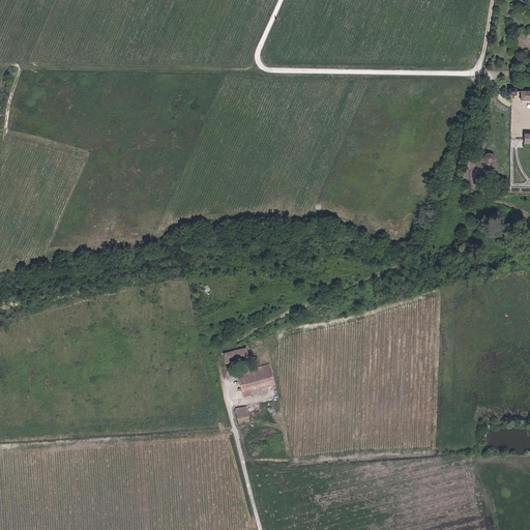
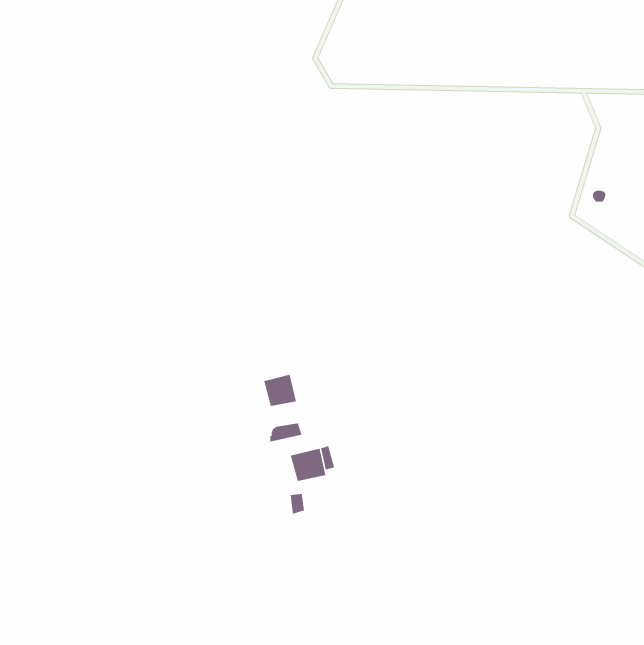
building: none -> [263,374,297,407]

